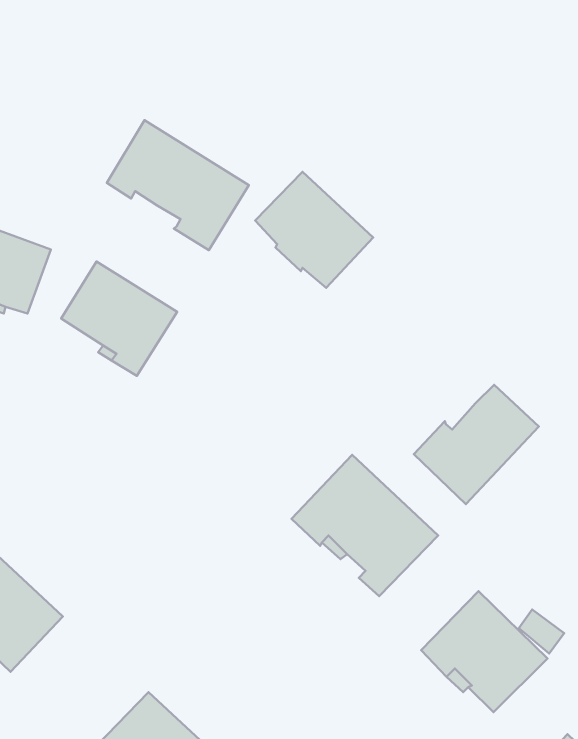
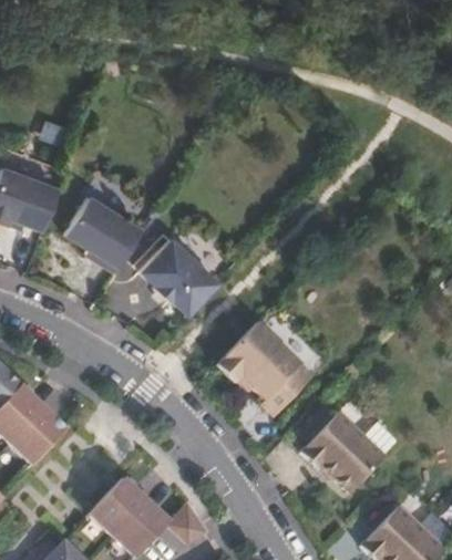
building: [107,120,249,250] -> none
building: [255,172,373,288] -> [141,238,218,314]
building: [414,385,539,504] -> none

